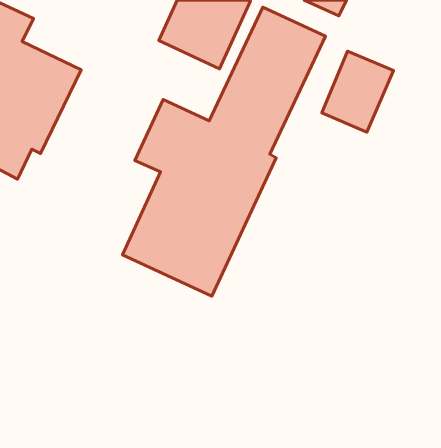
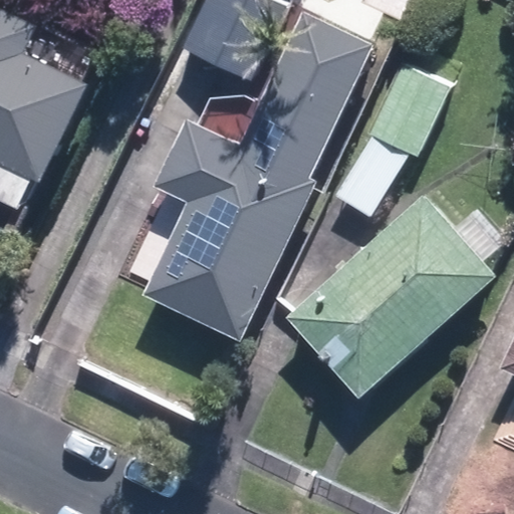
building: none -> [285,196,495,400]

